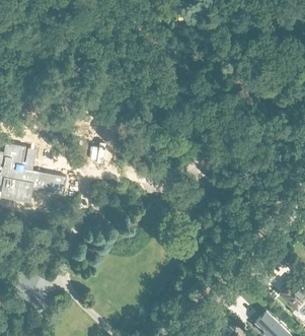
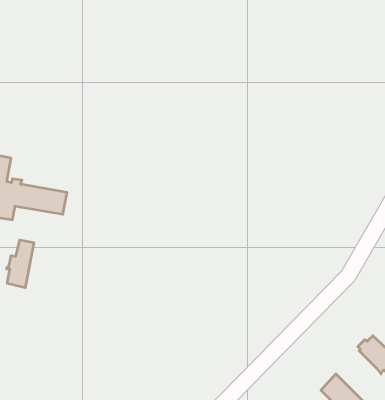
building: none -> [7,240,34,288]

